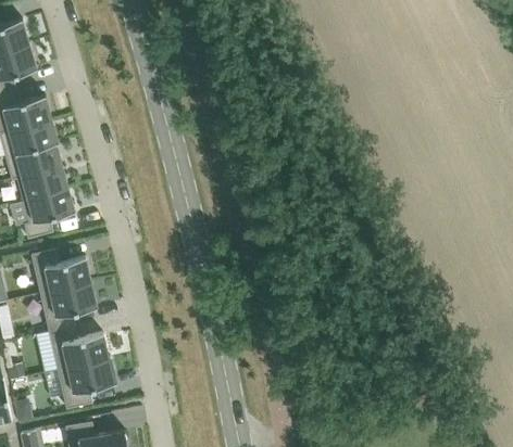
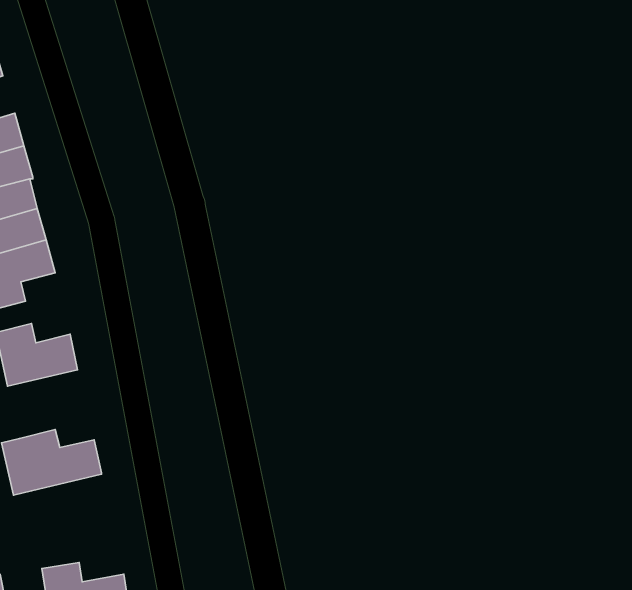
building: [40,282,97,332] -> none
building: [45,357,116,409] -> none

